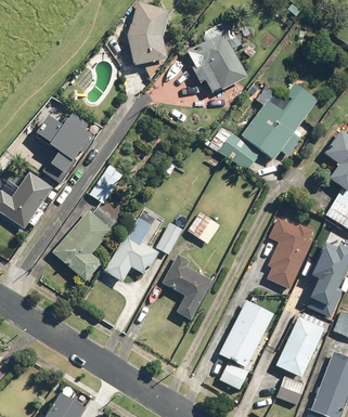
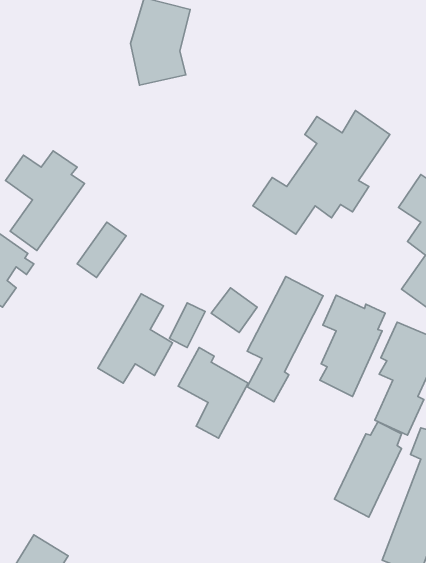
building: [189,19,247,91] -> none
building: [52,209,113,282] -> none
building: [219,299,274,390] -> [247,277,323,402]
building: [275,377,305,406] -> none

